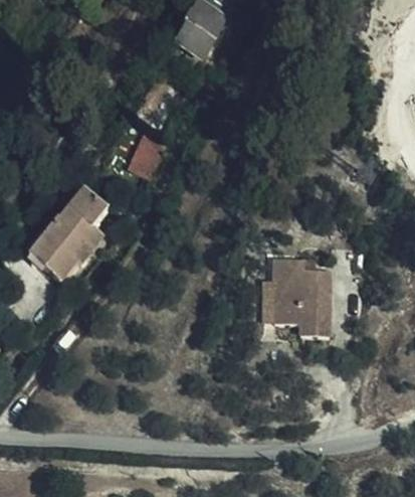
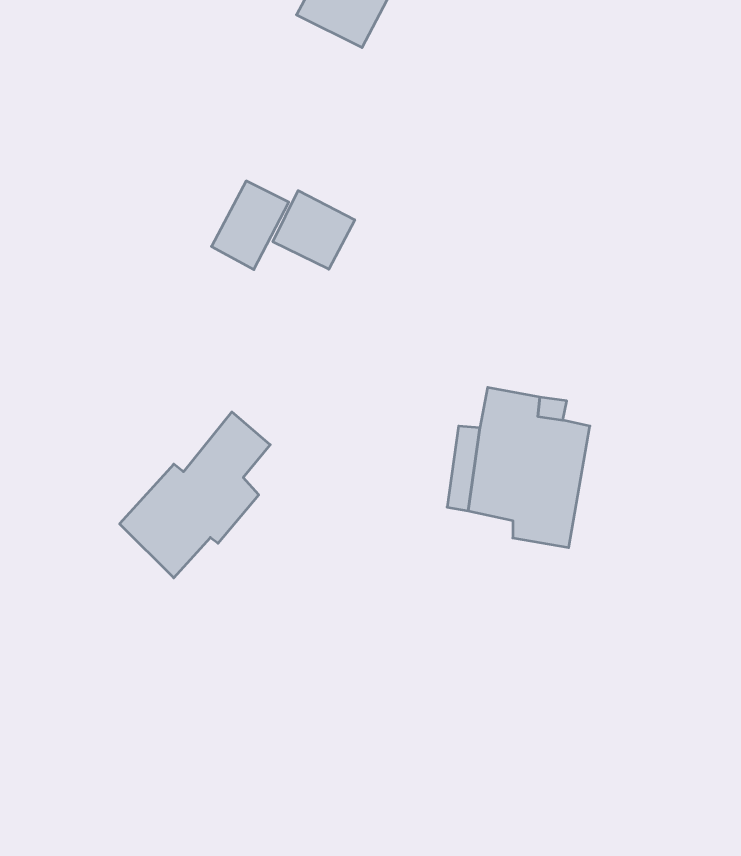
building: none -> [273,191,355,269]
building: [24,197,102,284] -> [120,412,270,578]

